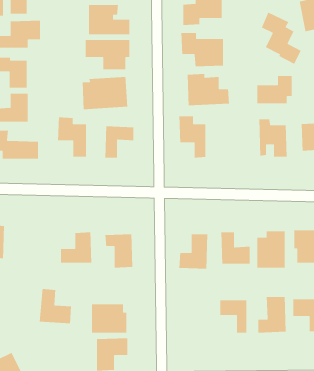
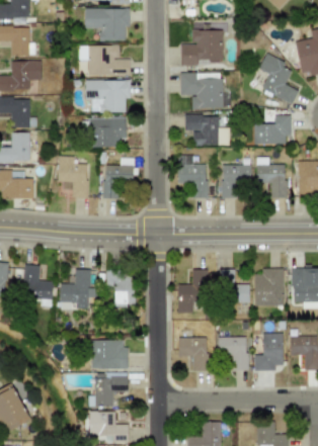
building: none -> [223,158,254,196]
building: [39,288,72,324] -> [22,262,55,297]
building: none -> [178,337,207,369]

